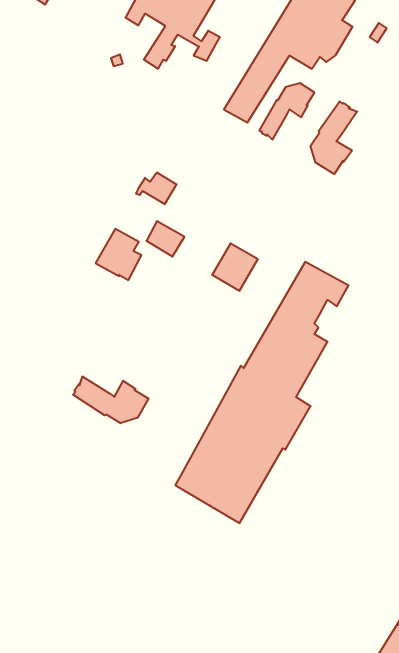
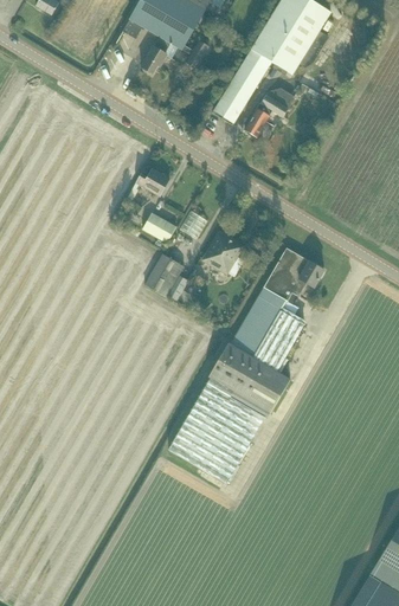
building: [311,101,357,174] -> none
building: [96,229,141,280] -> [144,256,186,302]
building: [73,376,148,423] -> none

